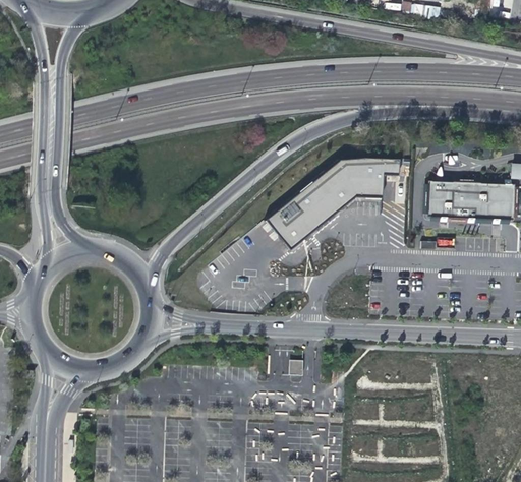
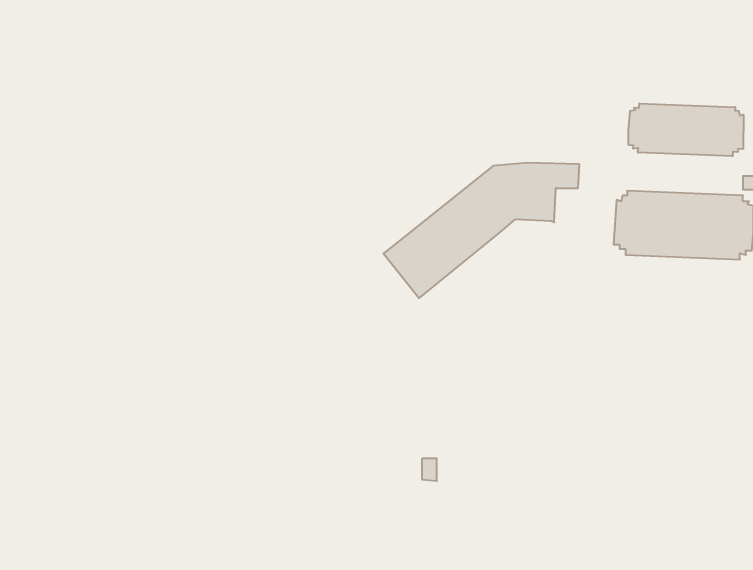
building: none -> [628,103,743,156]

